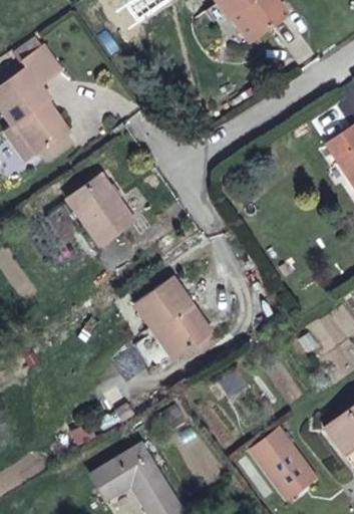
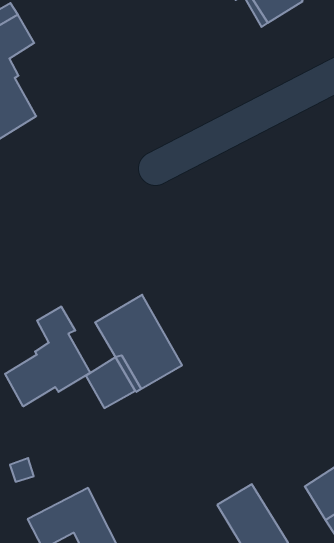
building: [67,174,134,245] -> none
building: none -> [5,306,90,406]

